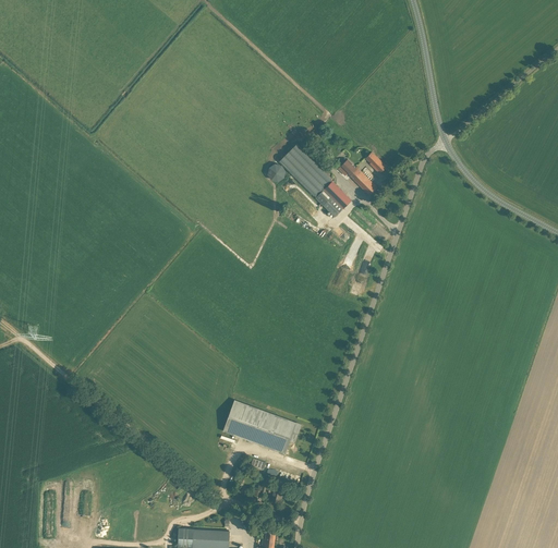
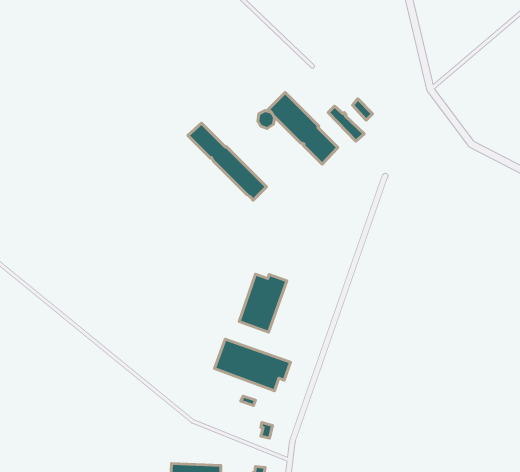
building: none -> [188,123,267,200]
building: none -> [239,274,287,332]

